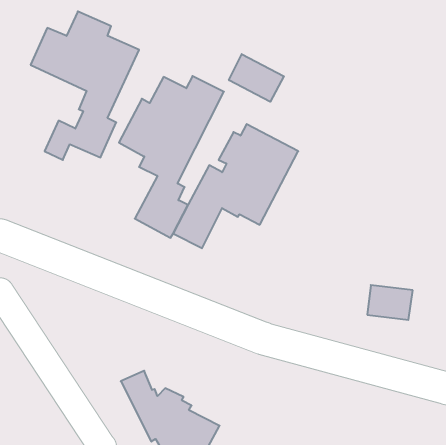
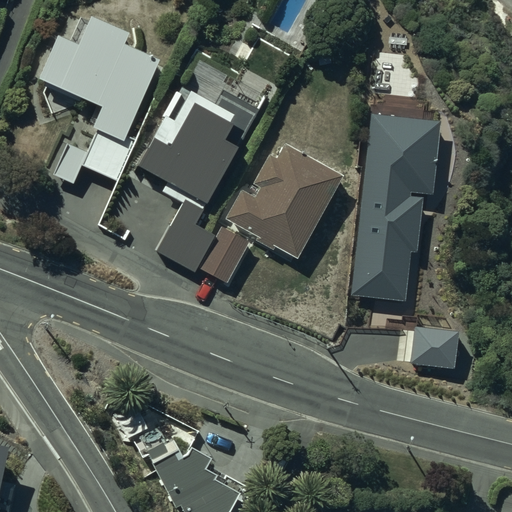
building: [229,54,284,102] -> none
building: none -> [339,108,442,317]

